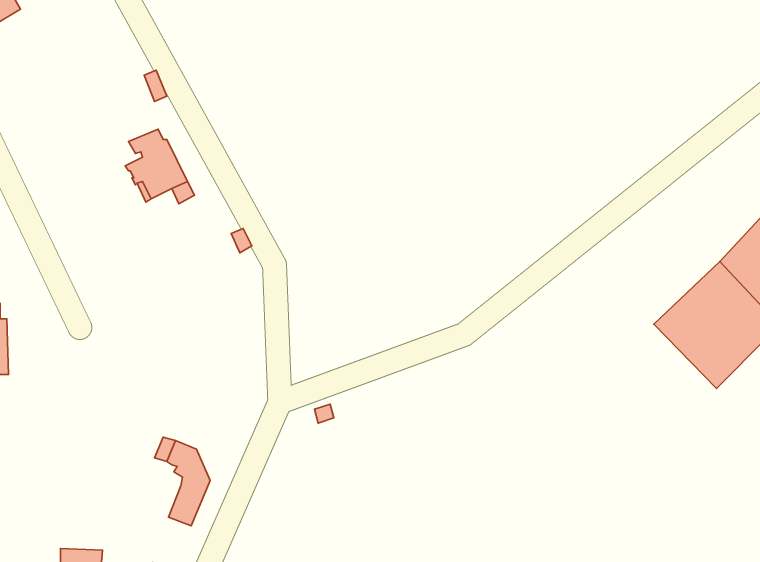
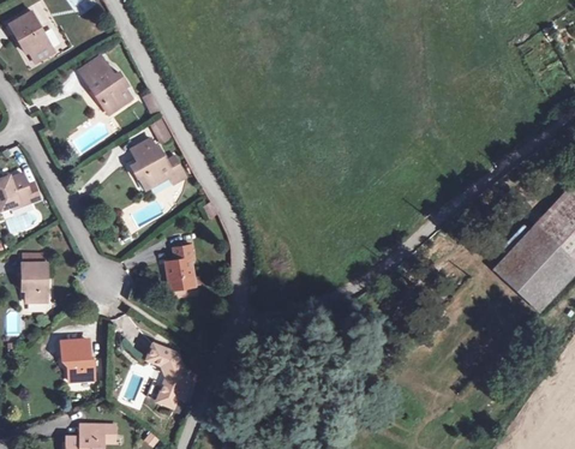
building: none -> [79,54,131,113]
building: none -> [166,245,194,291]
building: none -> [62,340,94,382]

